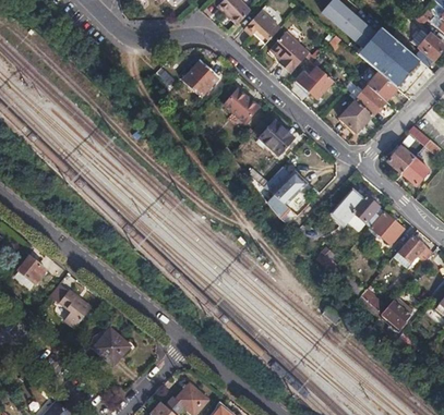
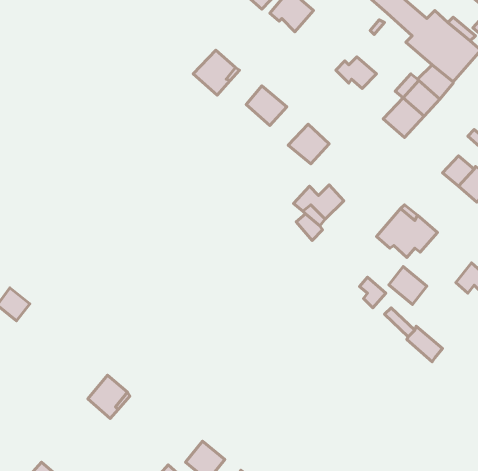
building: [269,33,315,73] -> none
building: [371,212,403,244] -> [389,266,427,305]
building: [49,283,88,328] -> none
building: [381,300,410,331] -> none

